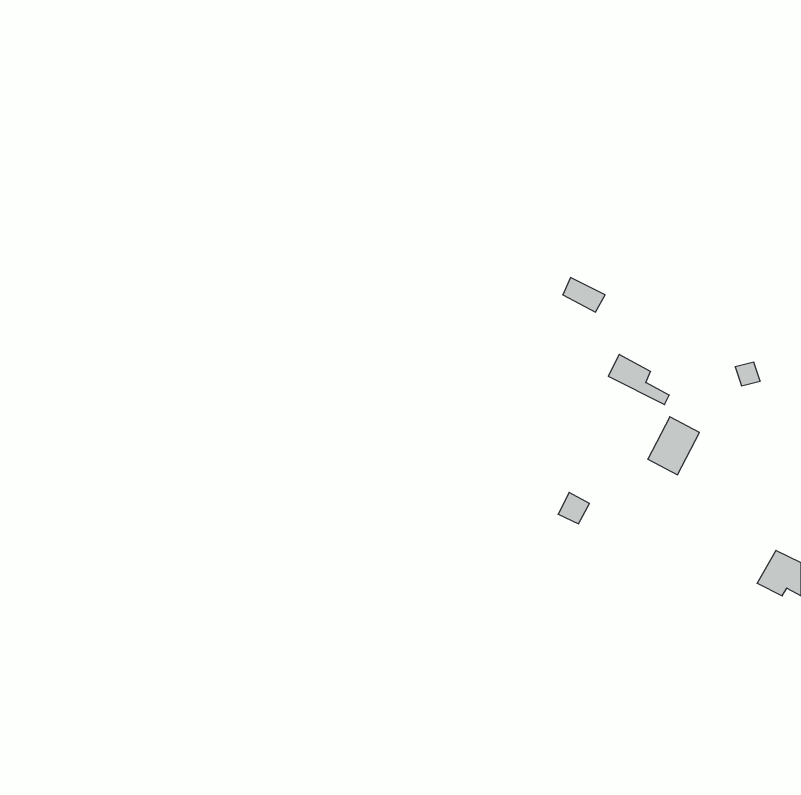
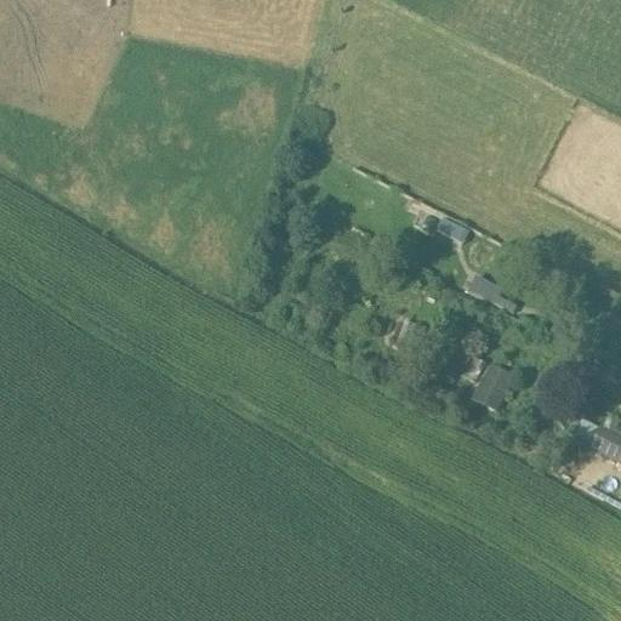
building: [648,417,699,475] -> [473,365,513,410]

